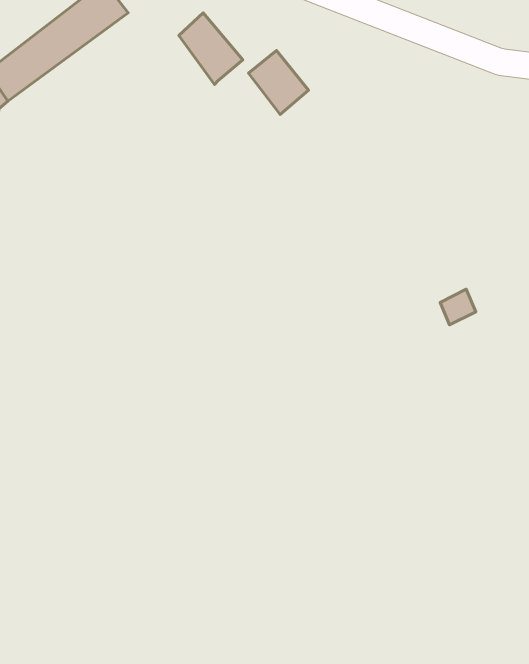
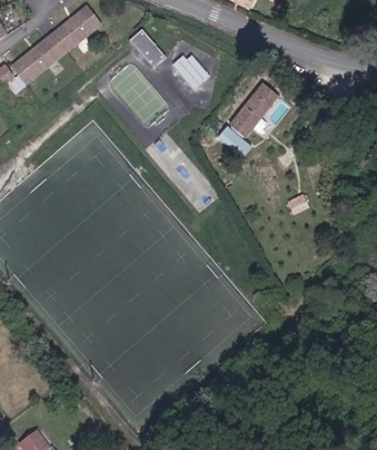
building: none -> [224,84,278,143]

